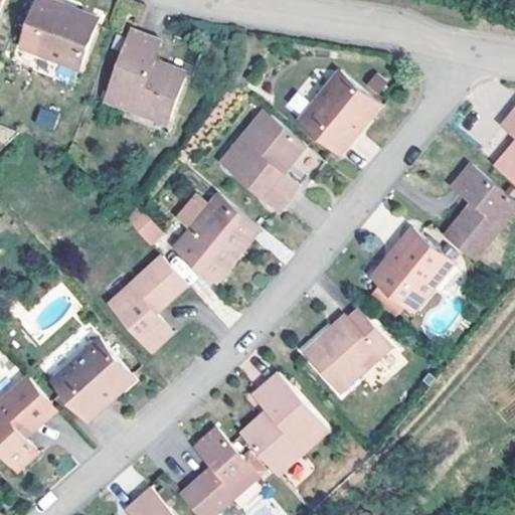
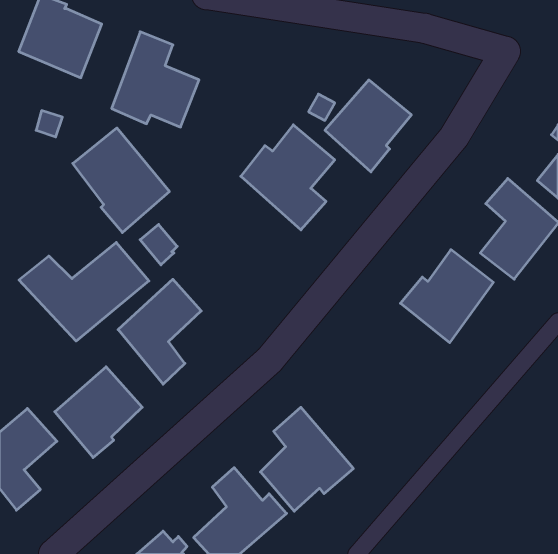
building: none -> [73,128,169,233]
building: [173,193,258,283] -> none
building: none -> [19,242,149,341]
building: [300,311,389,394] -> none

